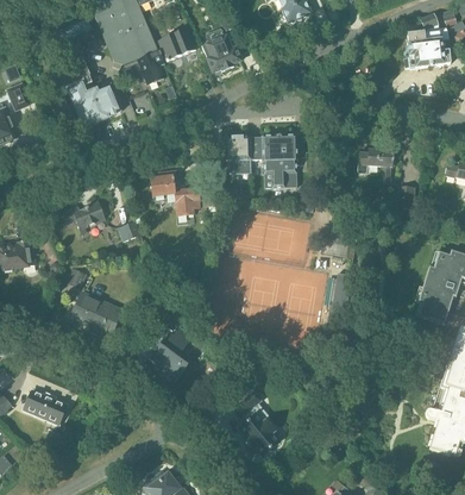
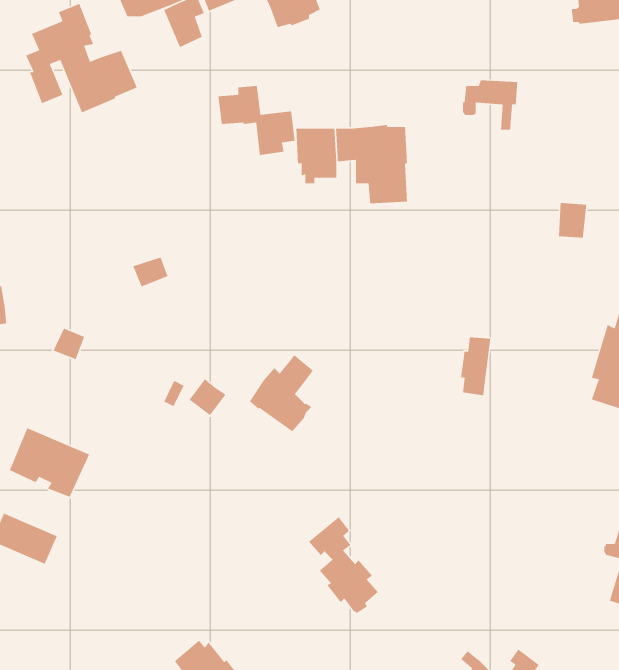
building: [357,149,394,182] -> [462,80,518,130]
building: [150,169,201,215] -> [218,85,295,156]
building: [63,195,103,226] -> none
building: [70,290,124,337] -> [9,427,90,498]
building: [149,325,191,376] -> [249,354,314,432]

